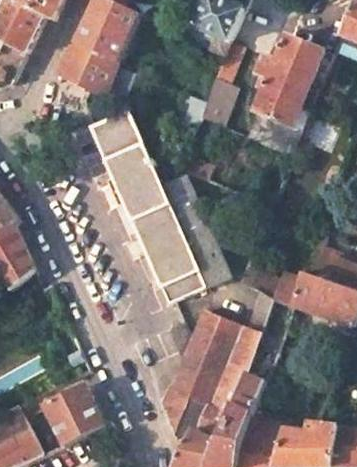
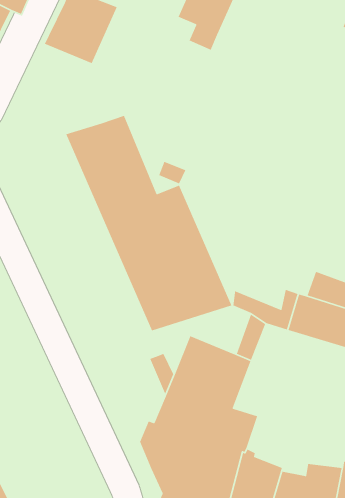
building: [243,34,330,153] -> none
building: [197,40,240,123] -> none
building: [56,46,127,100] -> none
building: [42,387,103,447] -> none

